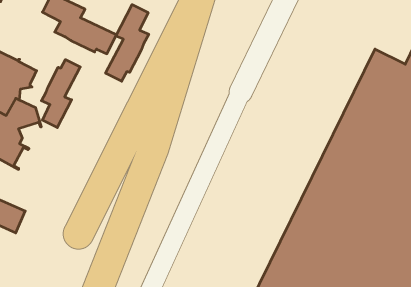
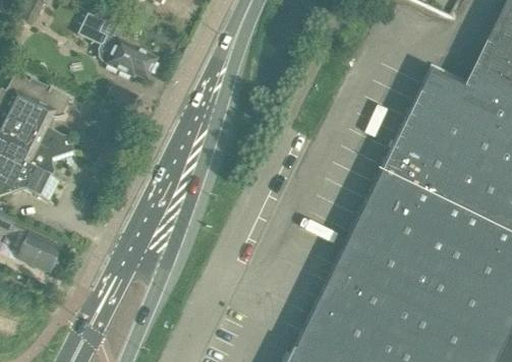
building: [106,5,149,81] -> none
building: [41,60,80,128] -> none

